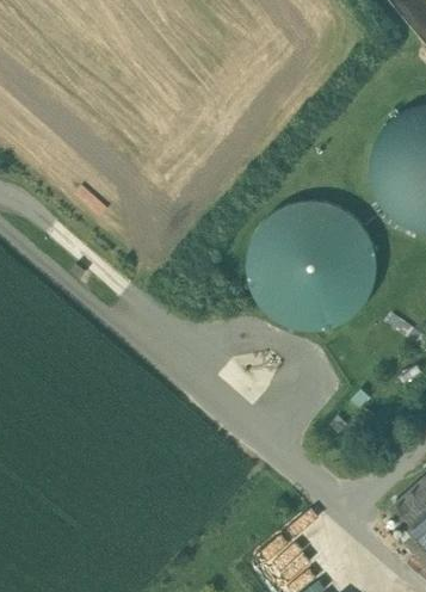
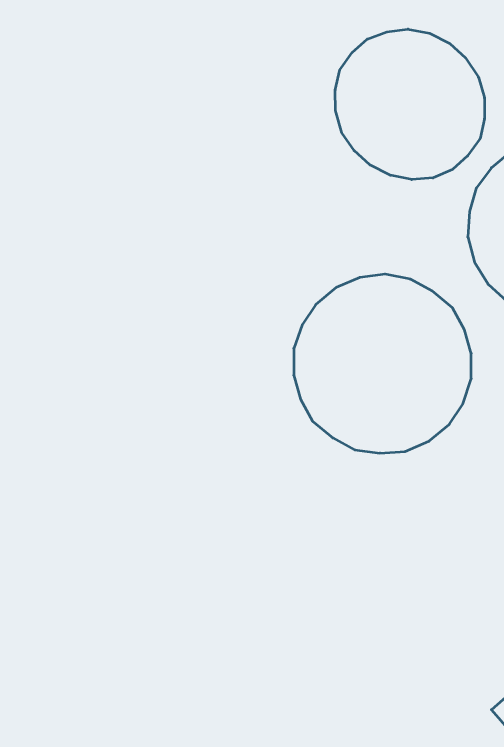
building: none -> [335,29,484,180]

